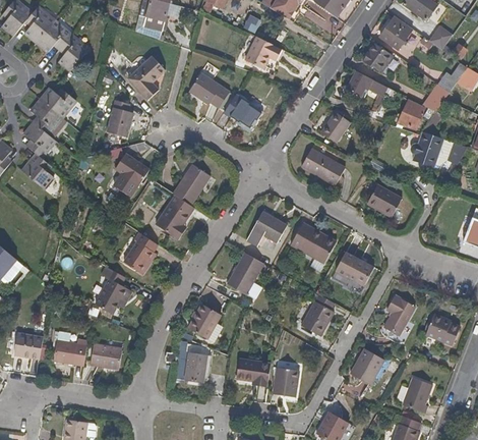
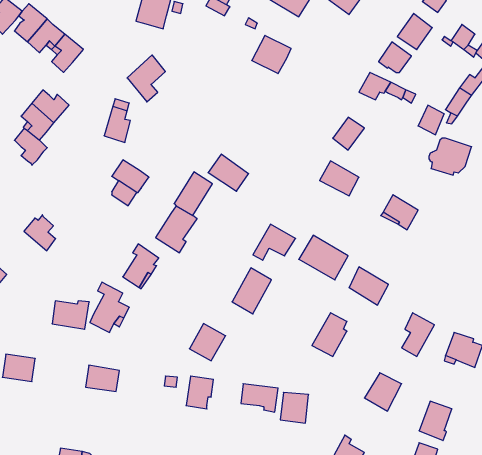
building: [187,71,229,110] -> none
building: [224,94,261,128] -> [208,154,249,191]
building: [22,155,52,188] -> [24,215,56,251]
building: [54,339,88,366] -> [52,301,89,329]

